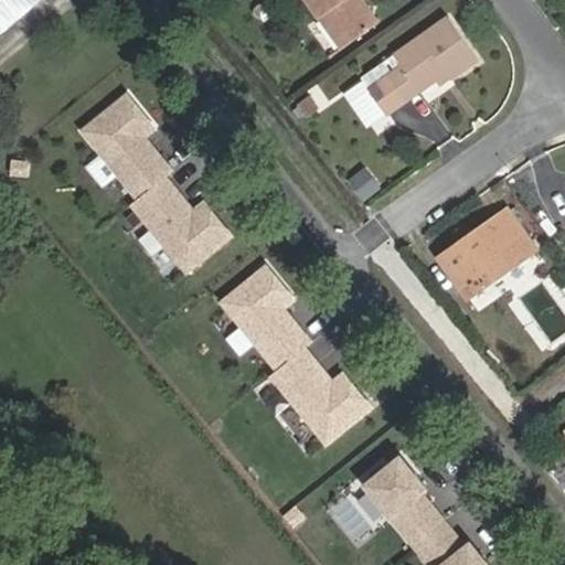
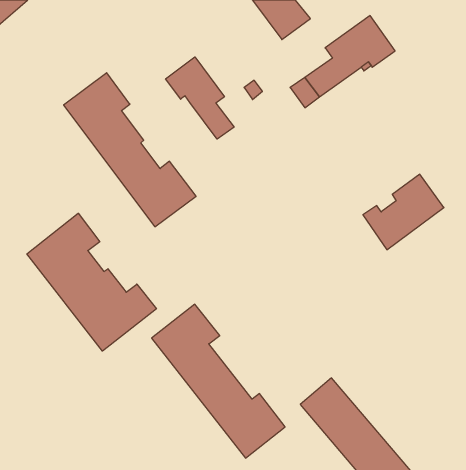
building: none -> [166,57,234,139]
building: none -> [27,213,156,351]
building: [214,259,374,444] -> [152,304,285,458]

